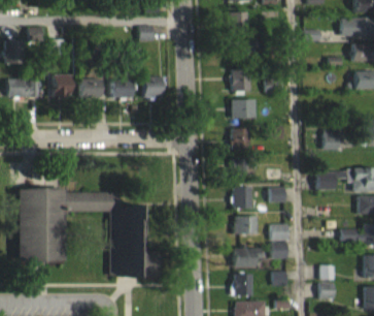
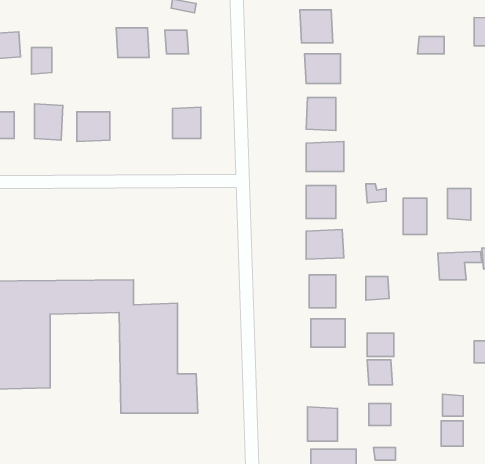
building: [111,77,133,97] -> [116,28,149,58]
building: none -> [403,198,427,235]
building: [233,248,261,266] -> none

